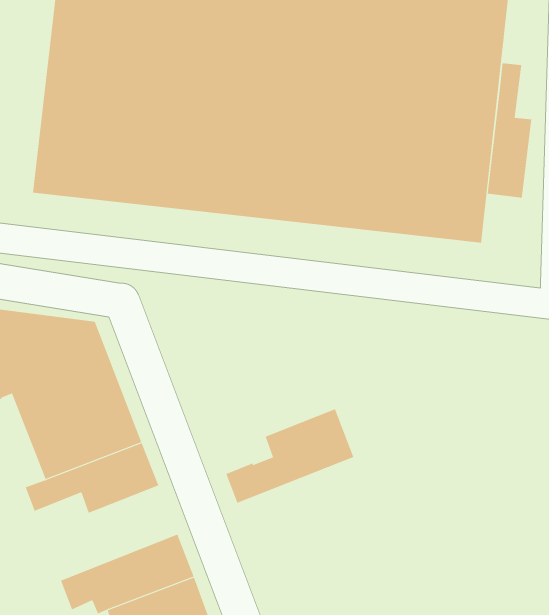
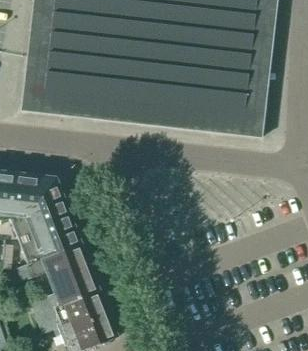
building: [487,62,532,199] -> none
building: [225,409,354,504] -> [30,266,99,317]

